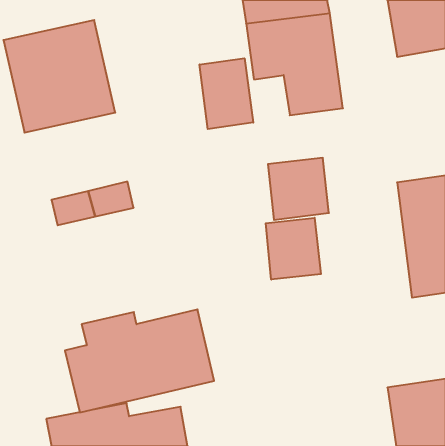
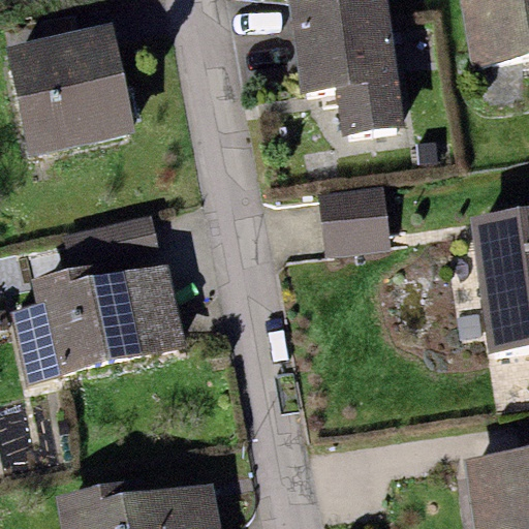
building: [200,58,253,129] -> none
building: [266,218,321,280] -> none
building: [65,309,214,412] -> [11,262,188,384]

